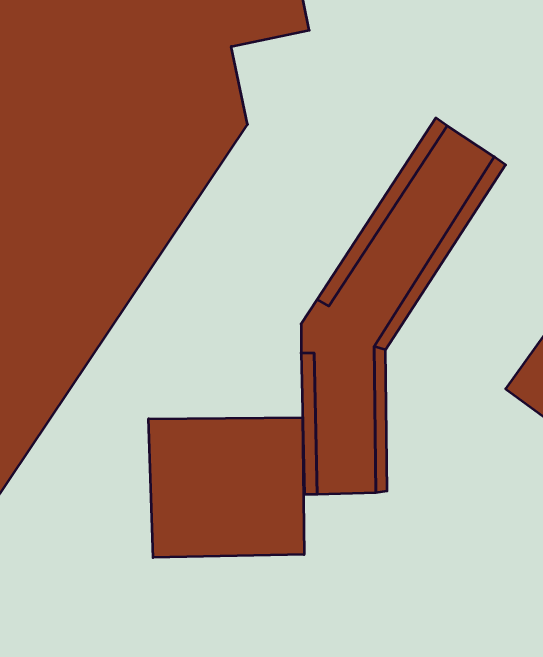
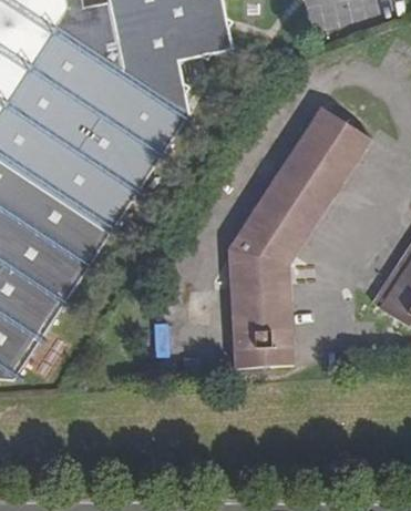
building: [149,418,304,558] -> none

